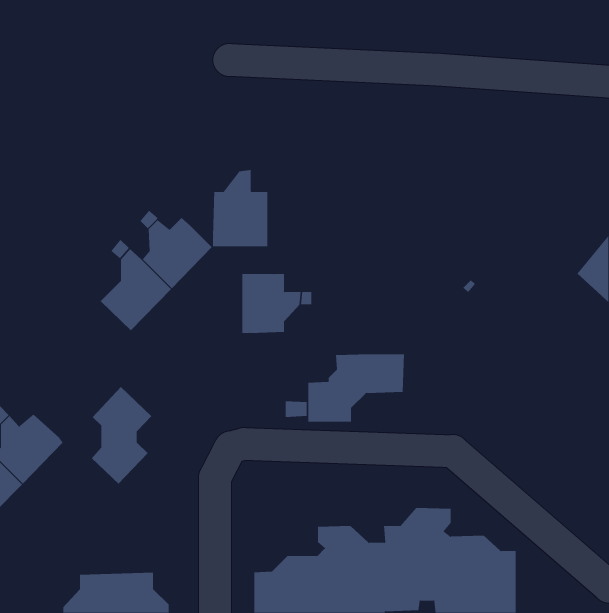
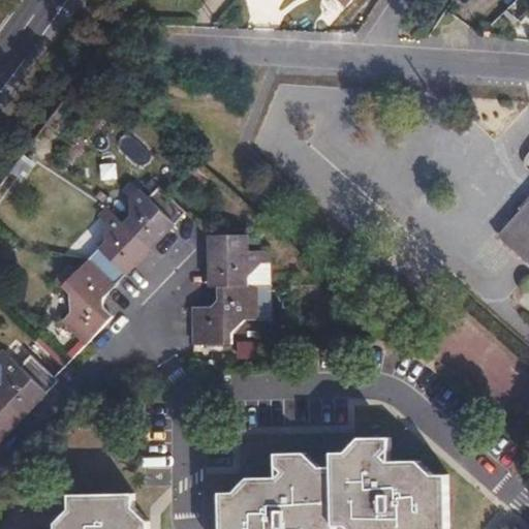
building: [213,169,268,247] -> none
building: [308,354,405,422] -> [191,286,275,345]
building: [91,386,152,484] -> [60,259,113,344]

